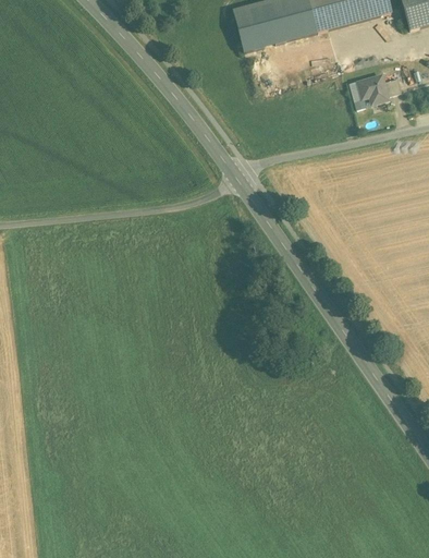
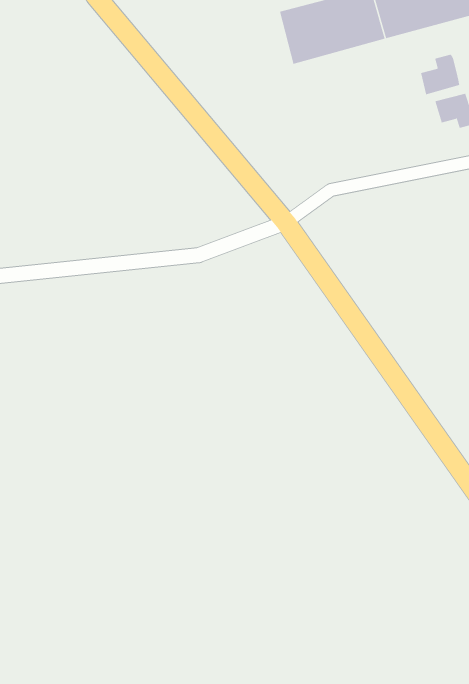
building: none -> [421,54,460,95]

